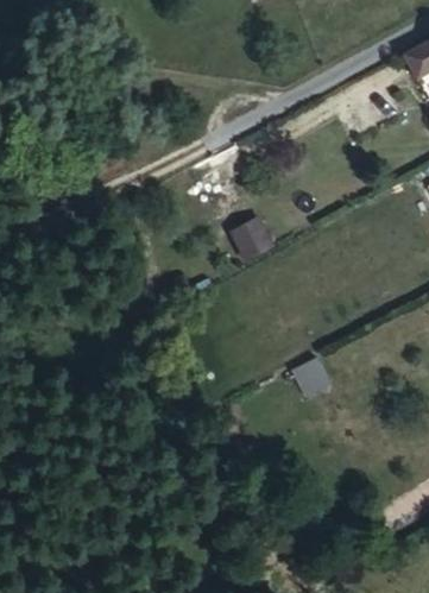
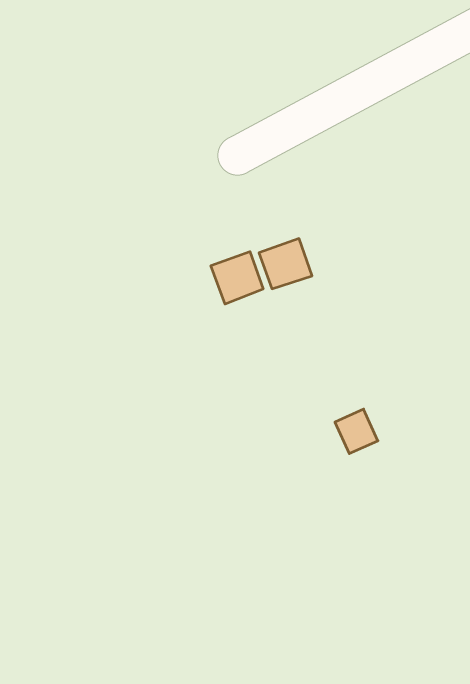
building: none -> [211,252,263,304]

